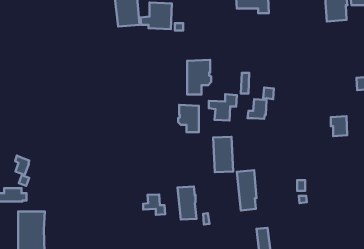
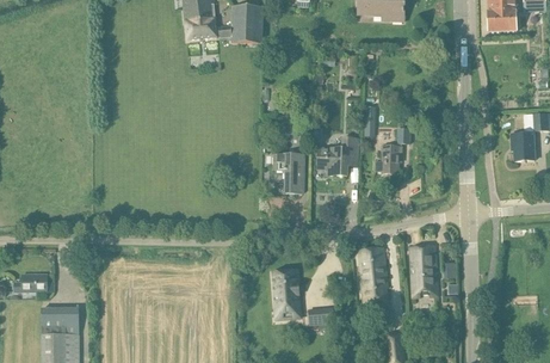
building: [187,60,211,94] -> none
building: [331,116,347,136] -> [511,131,534,160]
building: [213,137,233,172] -> [409,245,438,296]
building: [15,156,29,186] -> none
building: [143,194,165,215] -> none

